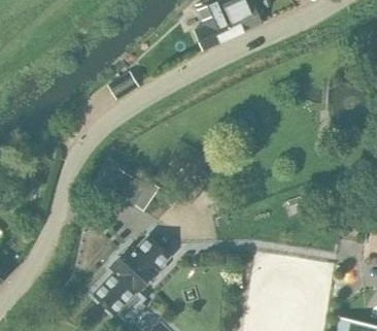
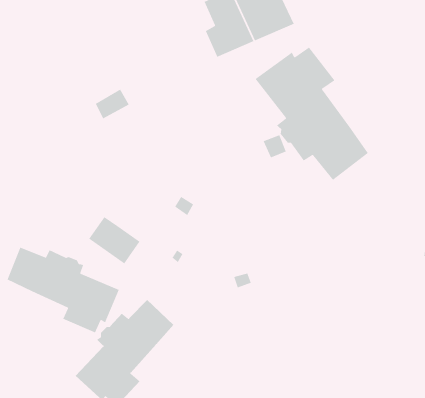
building: none -> [255,46,369,181]
building: none -> [7,246,120,334]

